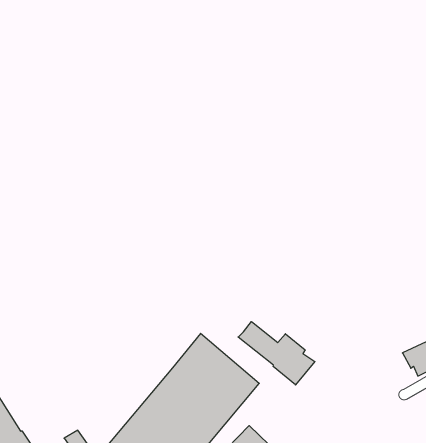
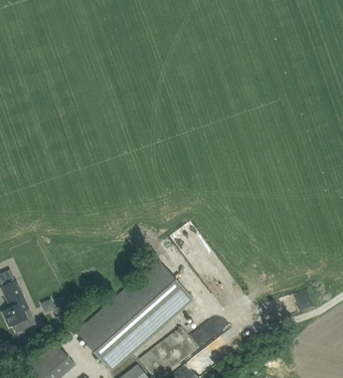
building: [238,322,315,385] -> none

